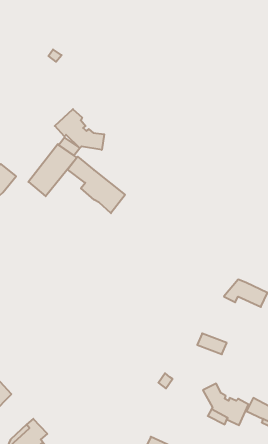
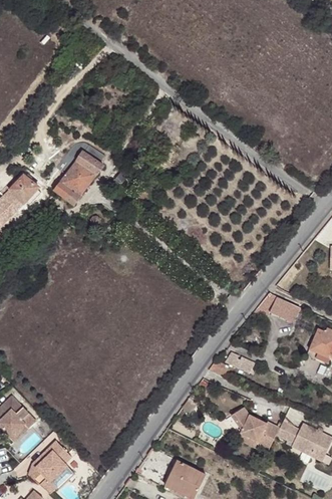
building: [55,109,104,150] -> none
building: [67,157,125,213] -> none

